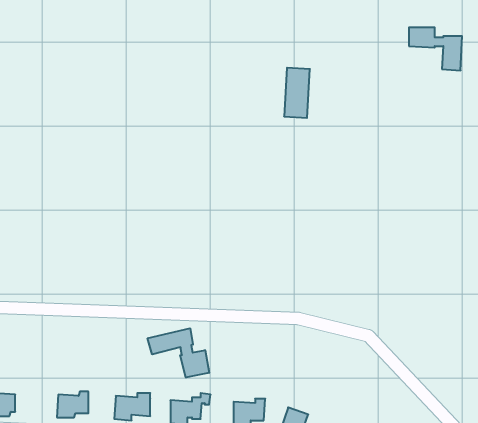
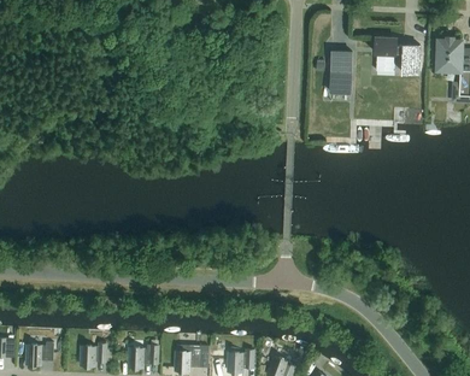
building: [284,68,310,118] -> [330,51,352,93]
building: [148,328,209,378] -> none

